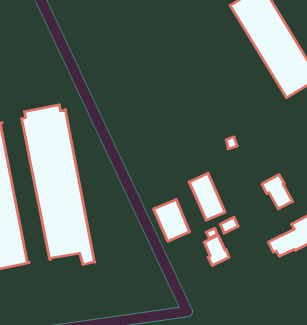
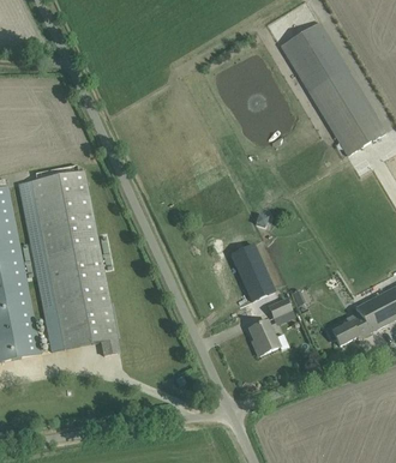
building: [262,175,293,209] -> none
building: [154,199,190,241] -> none

